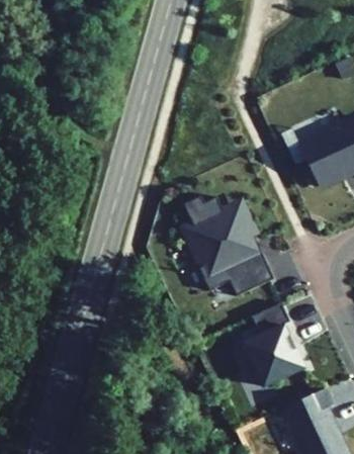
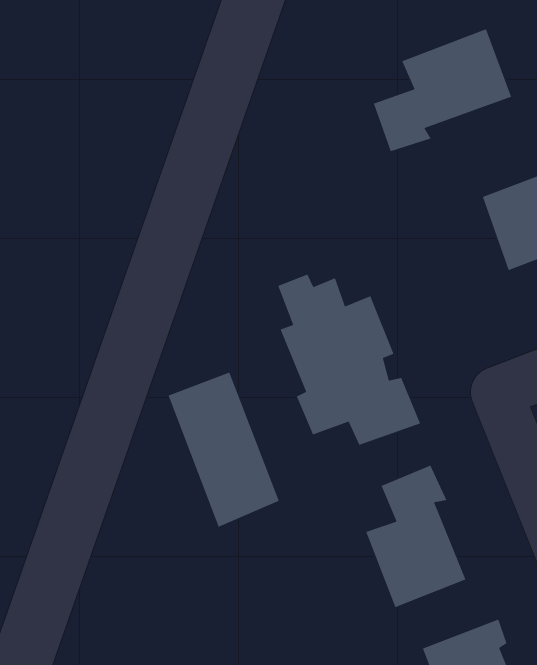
building: none -> [373,28,512,152]
building: none -> [167,371,280,528]

